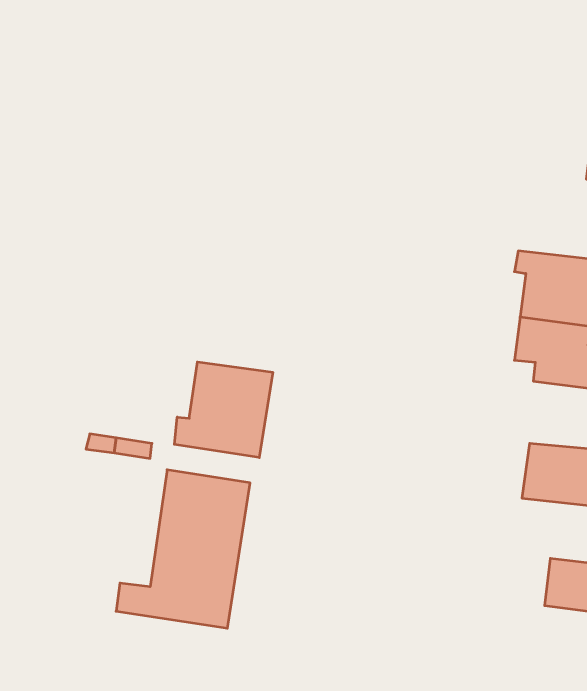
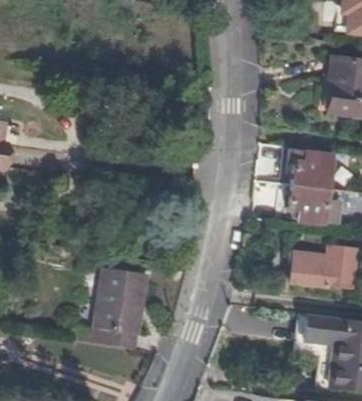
building: [174,362,273,458] -> none

